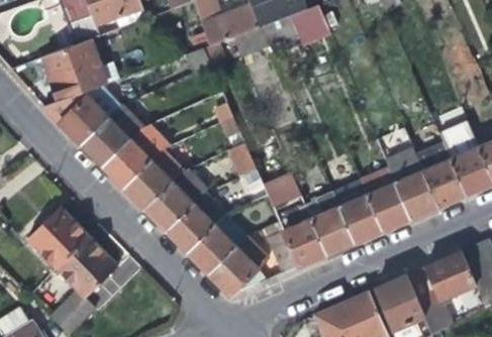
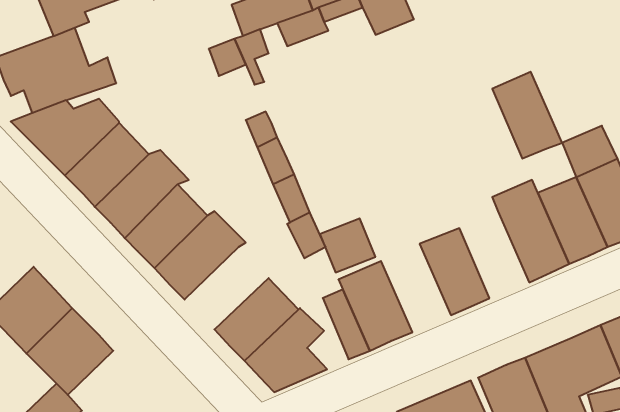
building: [362,168,411,230] -> [492,72,562,159]
building: [306,192,356,254] -> none
building: [167,194,226,252] -> none

